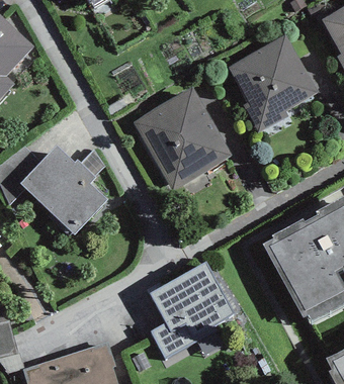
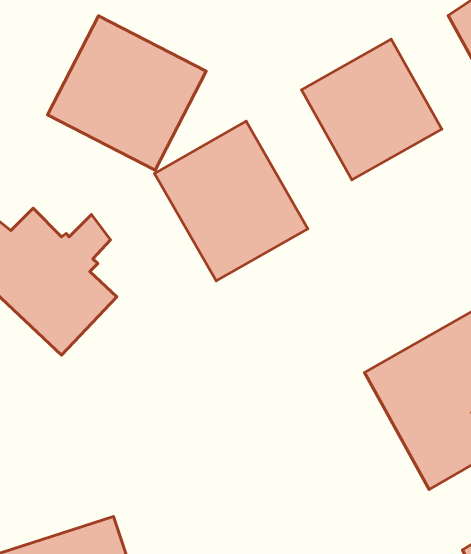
building: none -> [47,16,206,170]
building: [150,262,235,357] -> none

